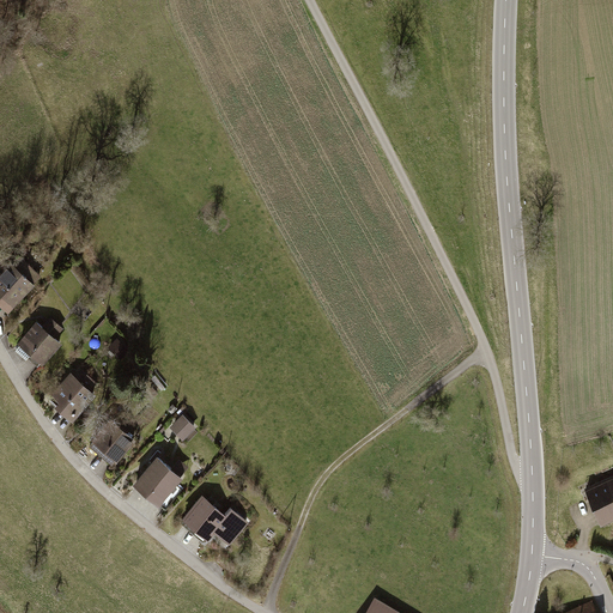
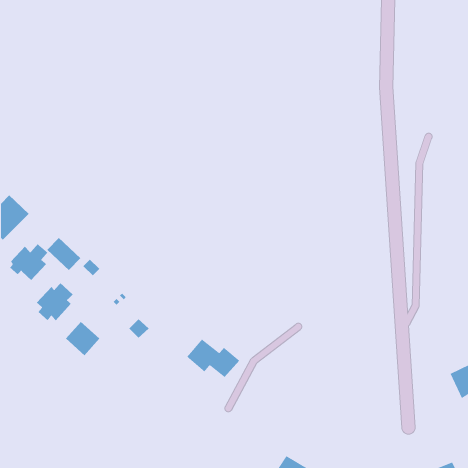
building: none -> [47,237,81,271]
building: [129,457,189,508] -> none
building: [180,497,250,548] -> [186,338,240,378]

